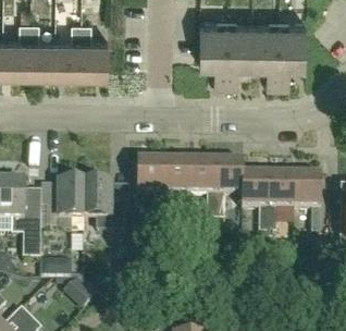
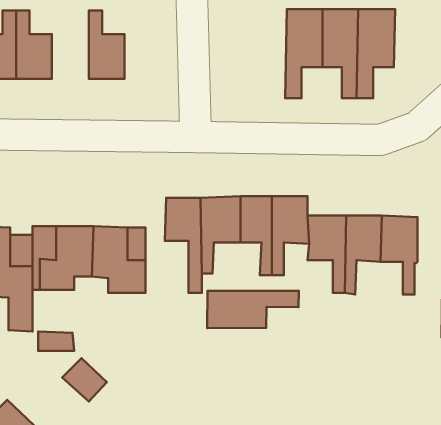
building: [199,24,226,89] -> none
building: [54,25,82,75] -> none
building: none -> [207,291,299,328]

